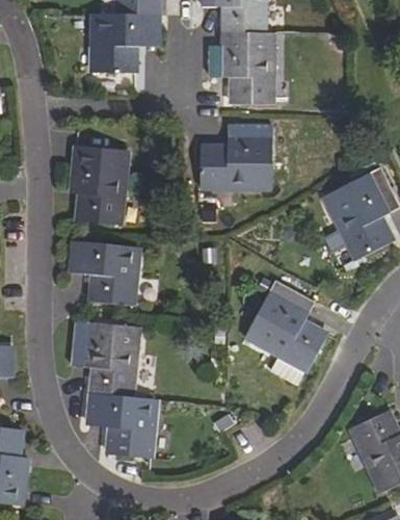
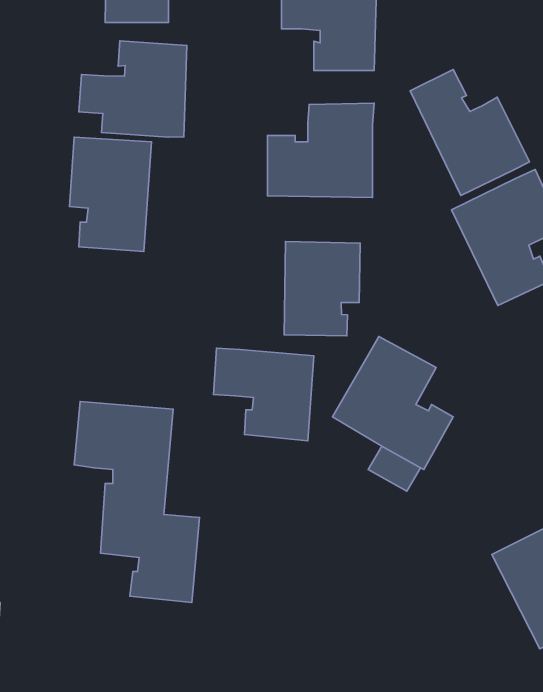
building: none -> [79,41,187,137]
building: none -> [410,69,530,195]
building: none -> [284,241,360,336]
building: [69,242,136,305] -> [213,348,314,441]

